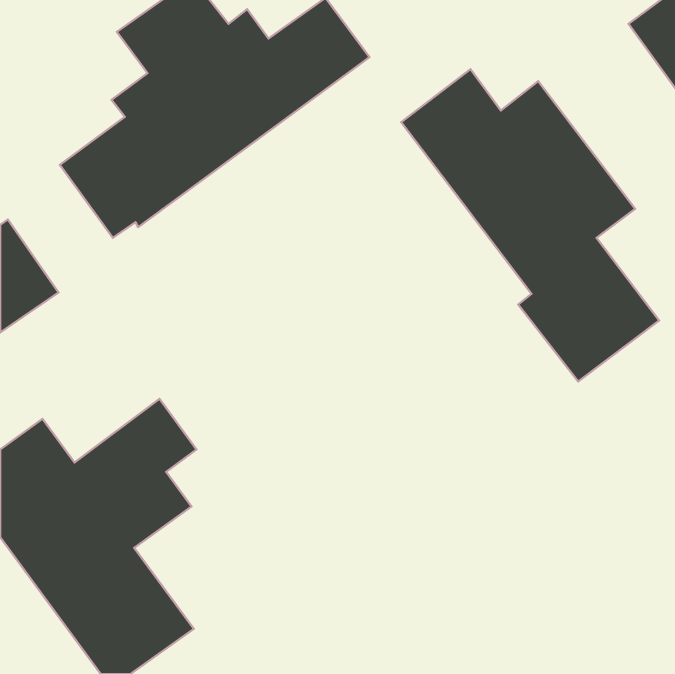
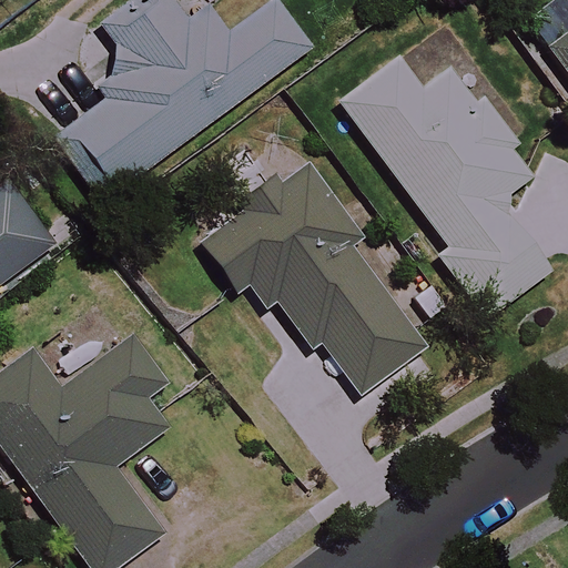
building: none -> [202,158,429,392]

